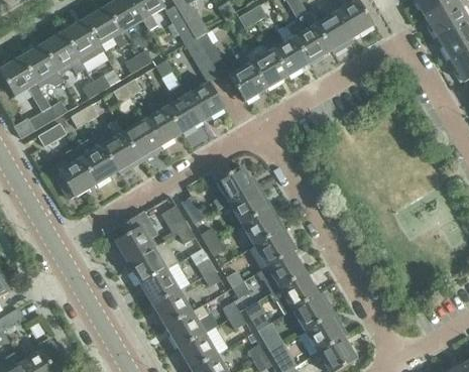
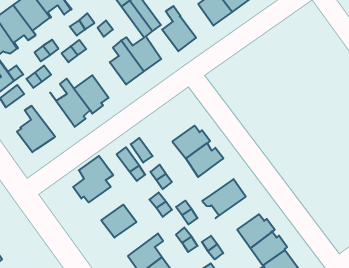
building: [250,49,287,88] -> none
building: [145,106,183,146] -> none
building: [74,134,118,184] -> none
building: [211,161,255,209] -> none
building: [254,229,297,266] -> none
building: [128,240,178,283] -> none
building: [269,272,319,313] -> none
building: [153,289,203,327] -> none

